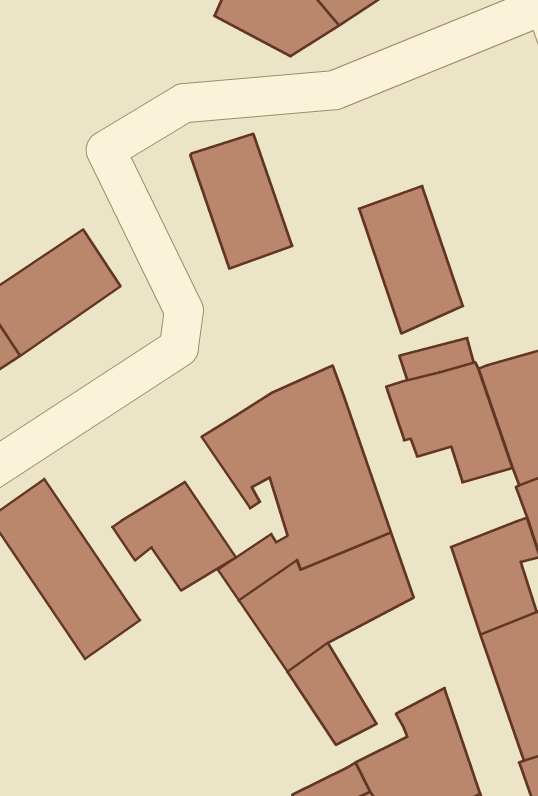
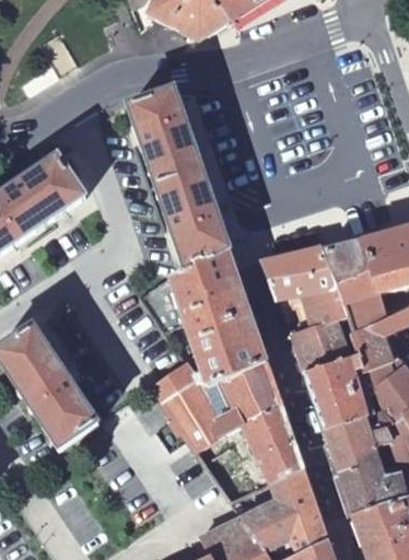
building: [359,186,463,333] -> [157,166,227,266]
building: none -> [293,316,353,370]
building: [112,482,236,590] -> none
building: none -> [239,404,303,482]

